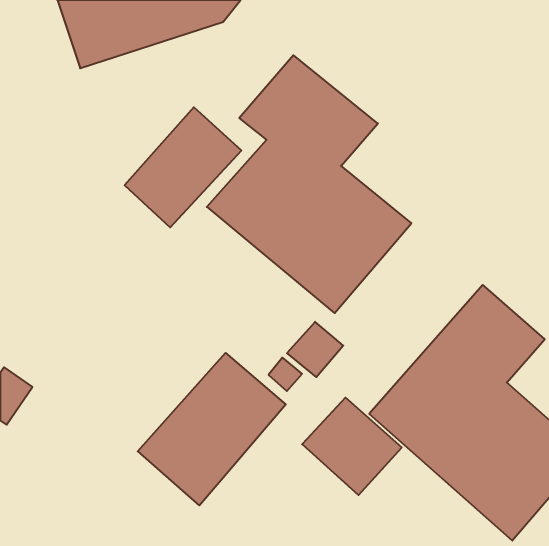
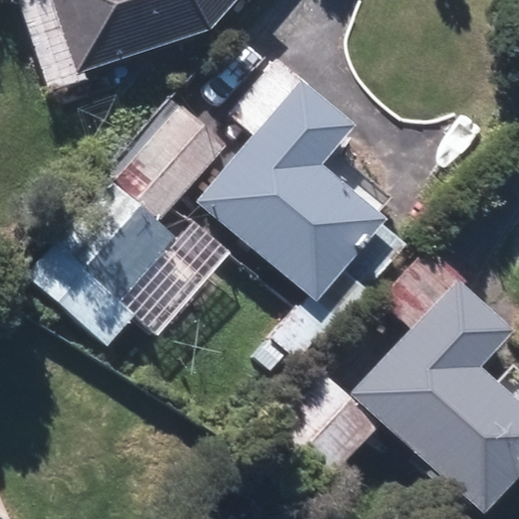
building: none -> [24,180,177,351]
building: [138,353,286,505] -> none

